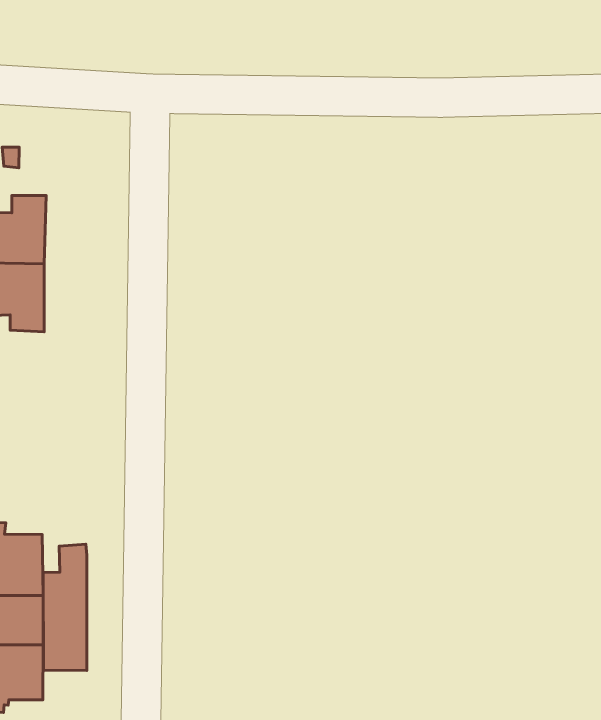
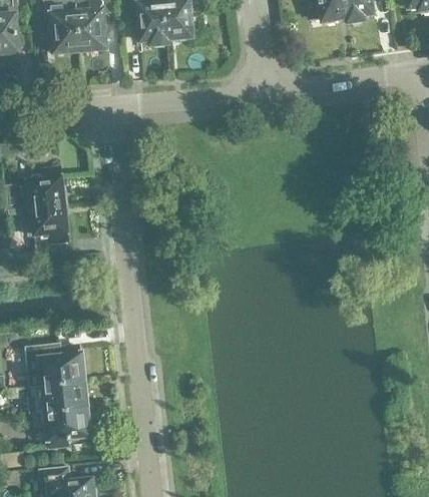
building: [43,544,87,670] -> none

